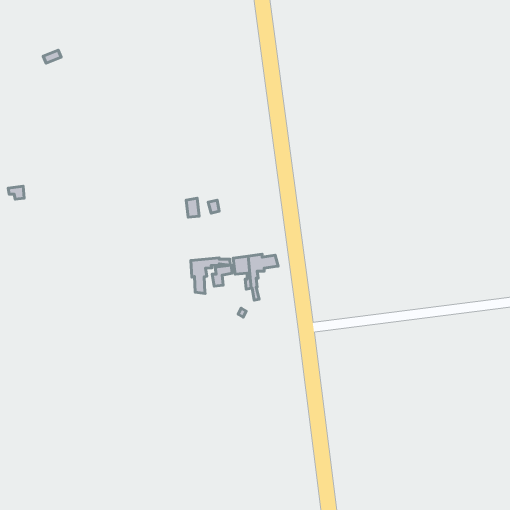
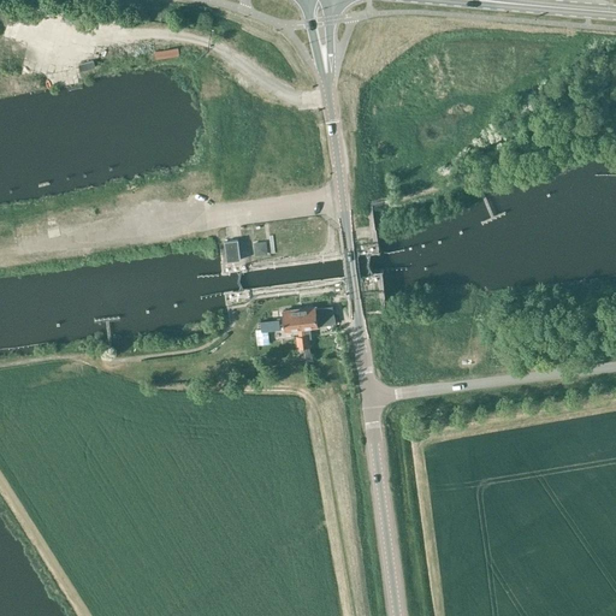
building: [191,258,230,294] -> none

